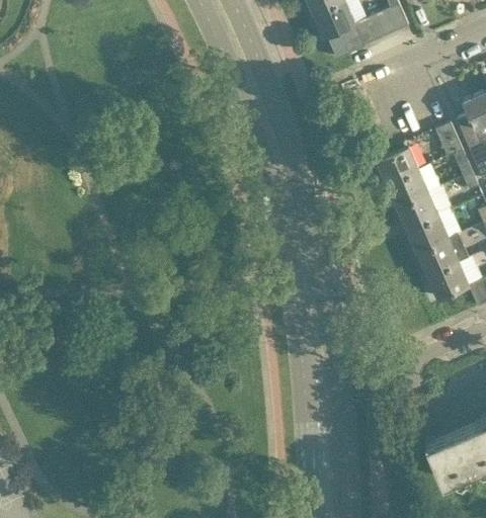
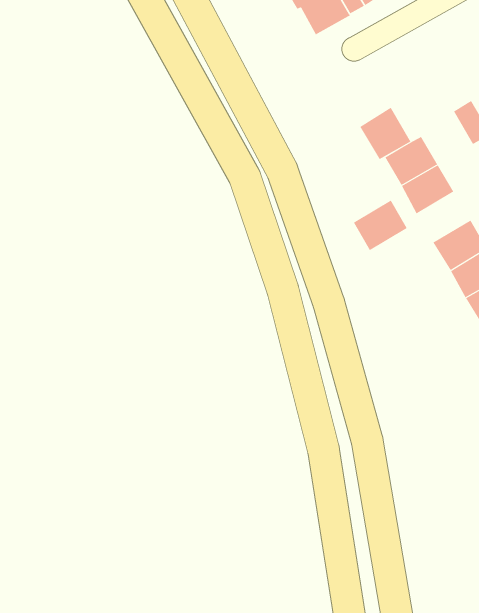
building: none -> [360,107,411,160]
building: [400,189,441,227] -> [353,200,408,251]

